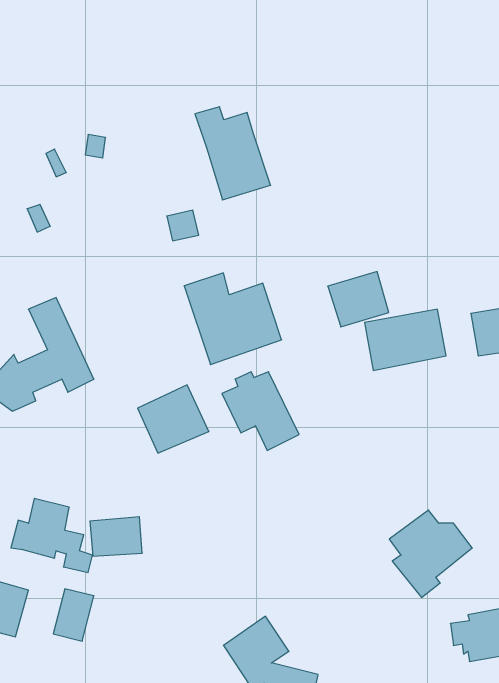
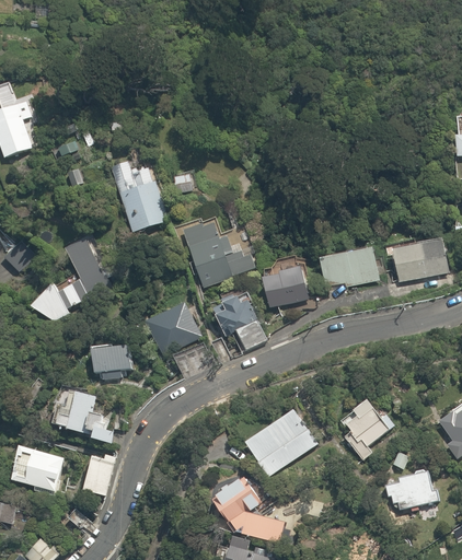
building: [195,107,271,200] -> [109,161,166,231]
building: [328,272,389,327] -> [262,268,308,310]
building: [90,517,142,556] -> [92,345,131,374]
building: none -> [243,407,317,477]

